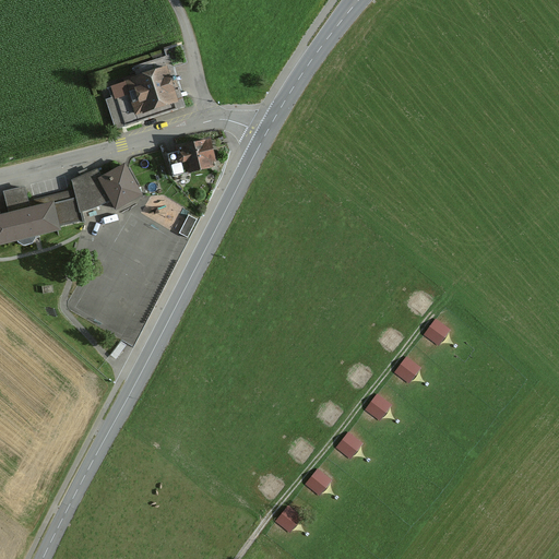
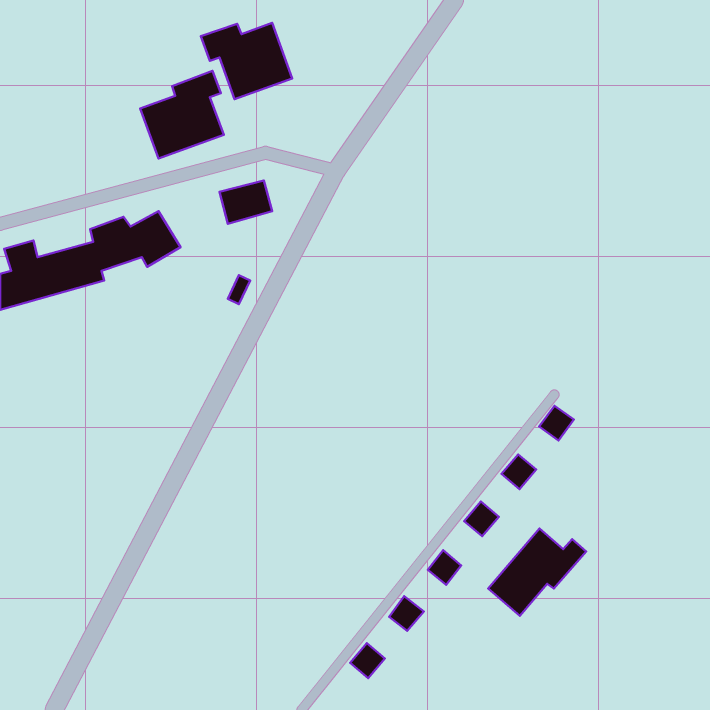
building: none -> [201,23,292,99]
building: none -> [488,529,586,616]

